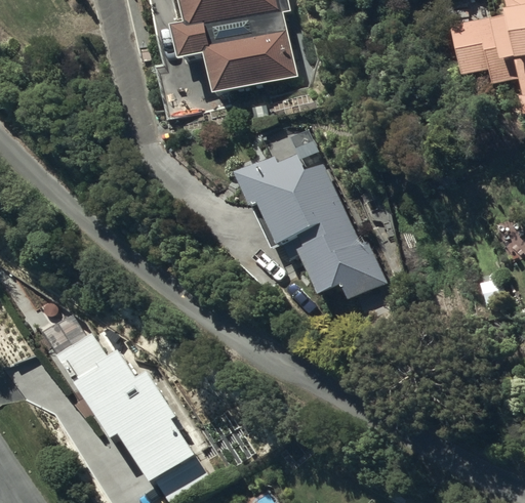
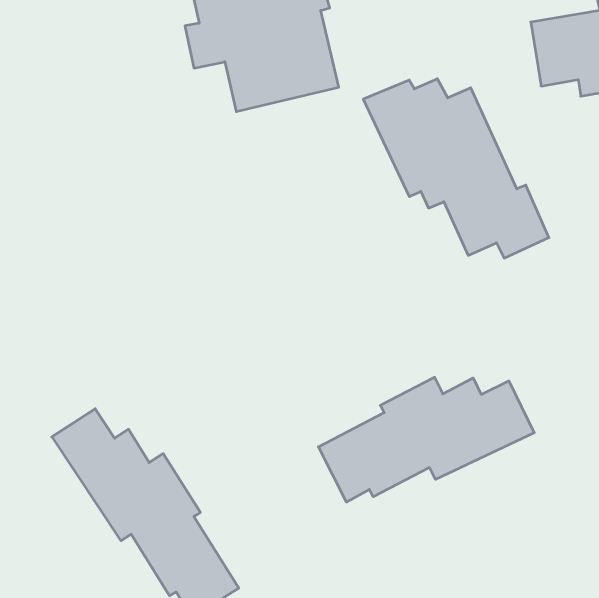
building: [233,155,381,298] -> [363,79,549,258]
building: none -> [318,377,534,502]

